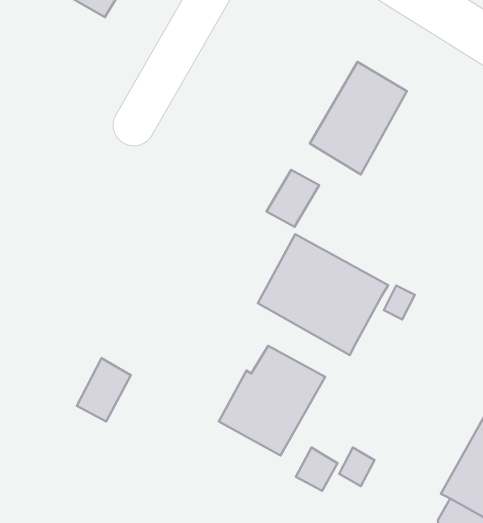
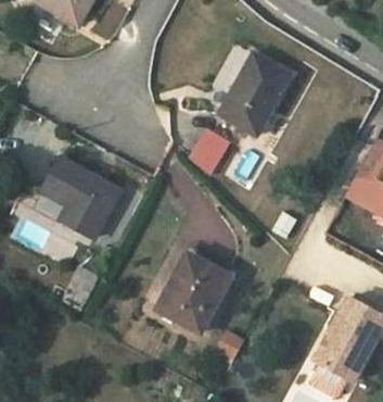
building: none -> [42,159,118,238]
building: [258,234,388,355] -> none

